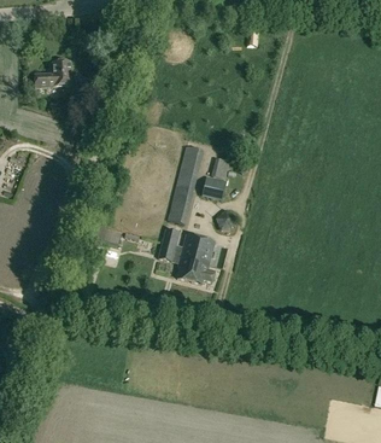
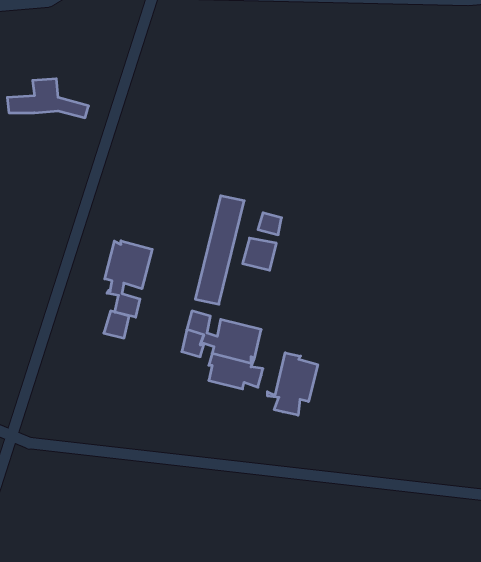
building: none -> [105,241,152,317]
building: none -> [267,353,318,415]

